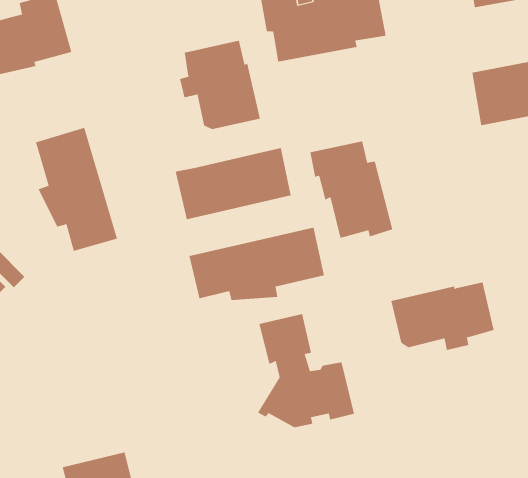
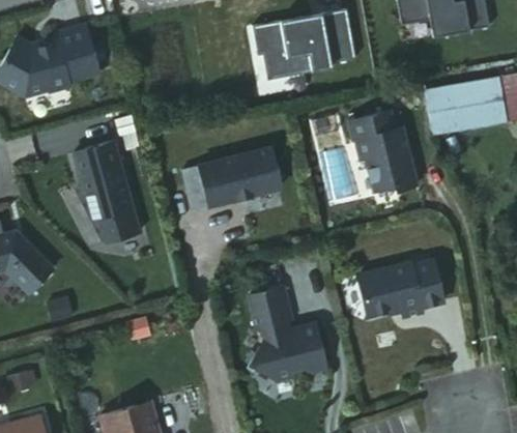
building: [179,40,260,130] -> none
building: [310,141,393,238] -> [350,112,419,192]
building: [189,227,324,301] -> none

